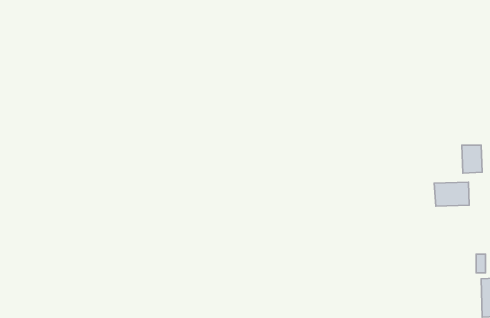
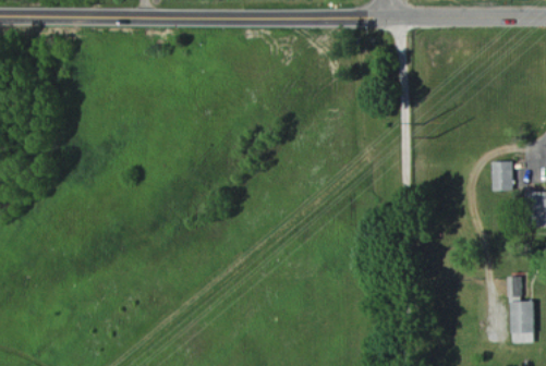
building: [434,182,469,206] -> none

